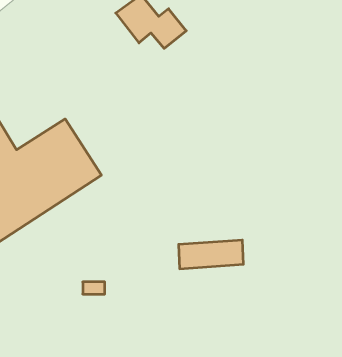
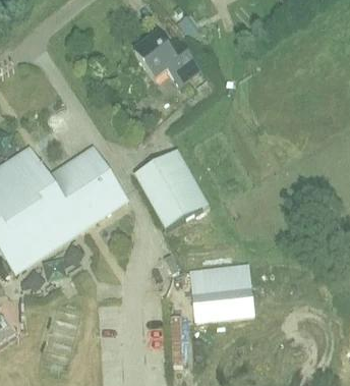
building: none -> [135,149,209,226]
building: none -> [194,286,257,323]

